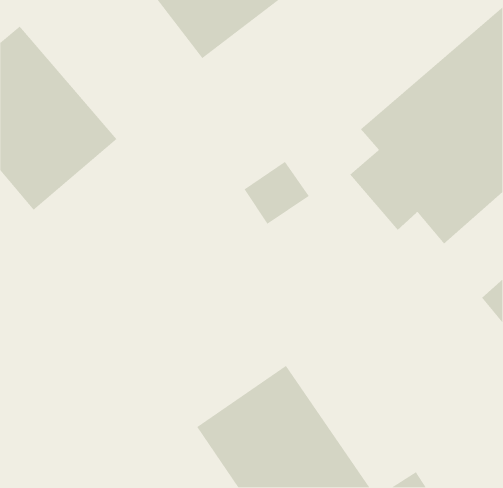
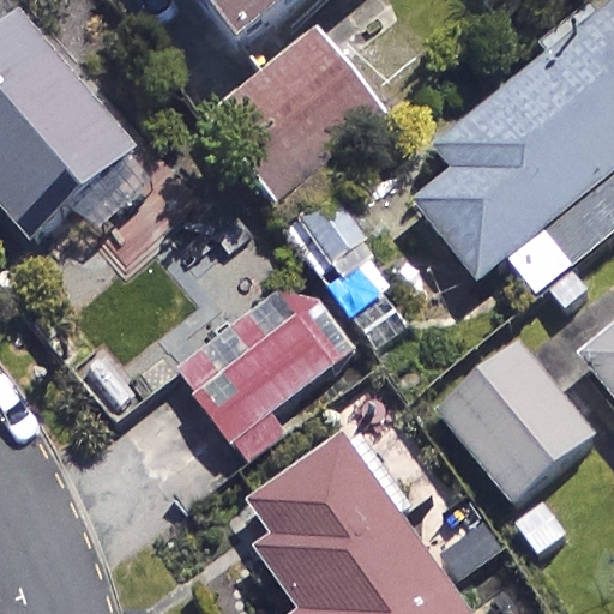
building: none -> [216,41,380,203]
building: none -> [194,306,341,444]
building: none -> [438,350,596,510]

